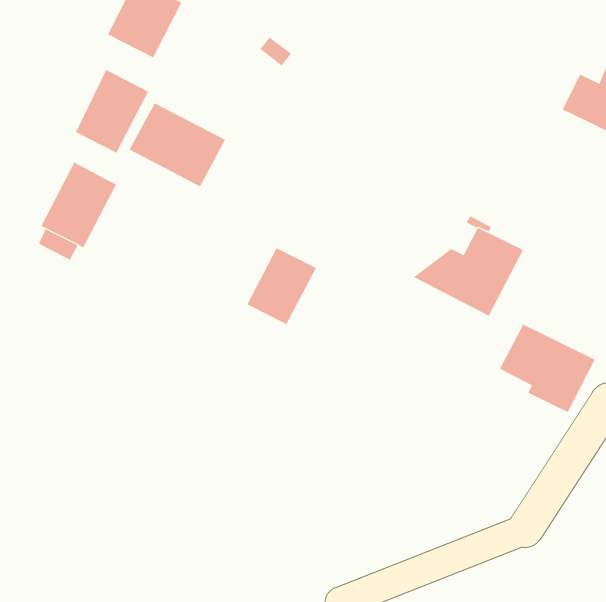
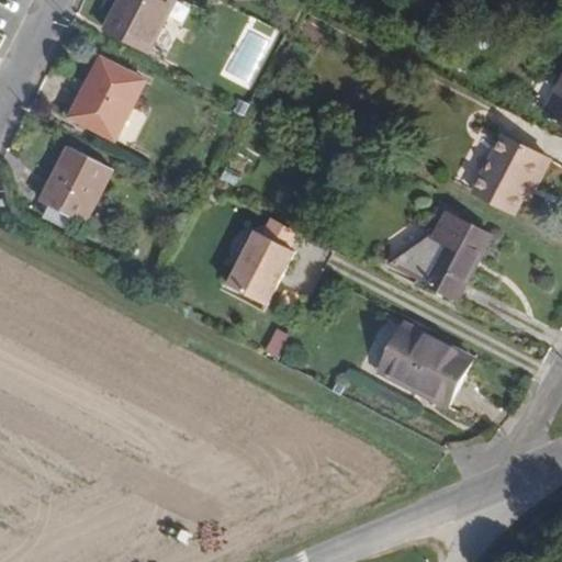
building: [129,102,226,187] -> none
building: none -> [472,134,546,210]
building: [499,324,595,413] -> [382,319,471,402]

